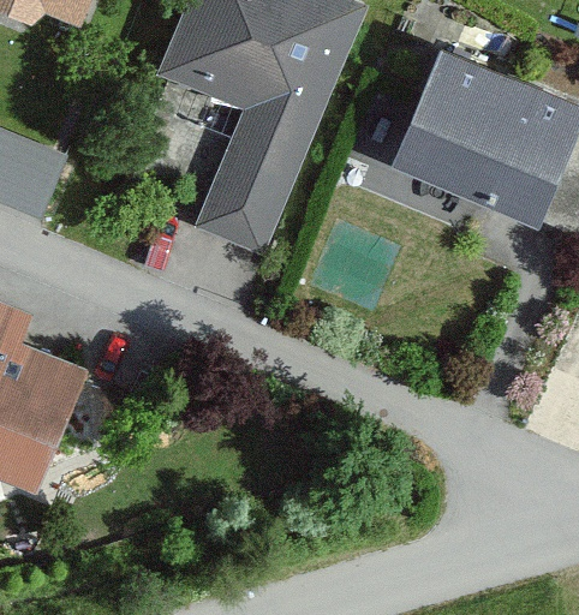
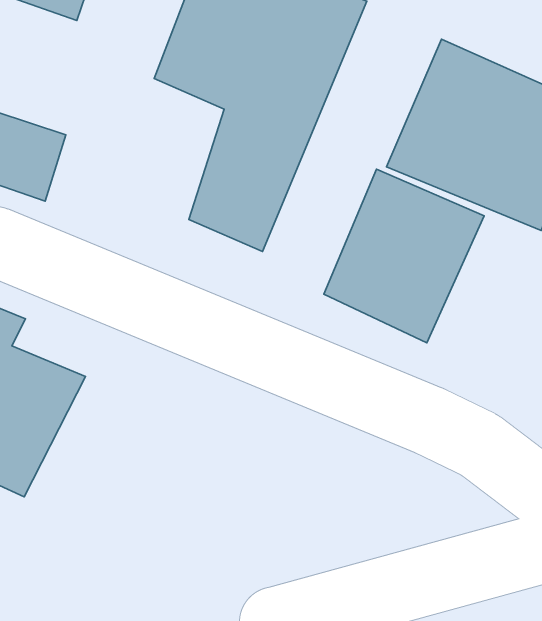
building: none -> [324,169,484,343]

